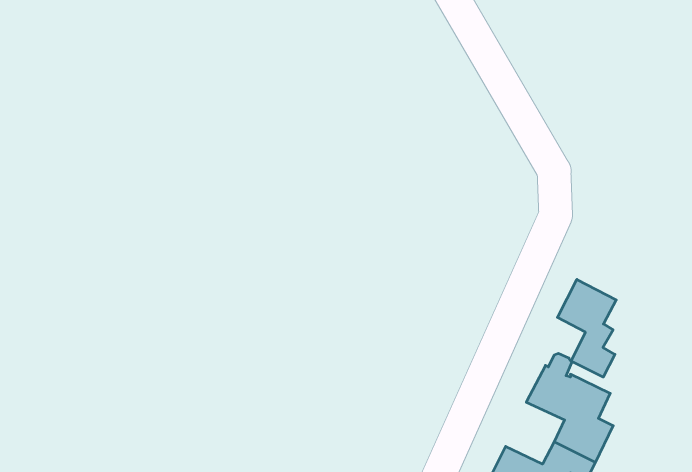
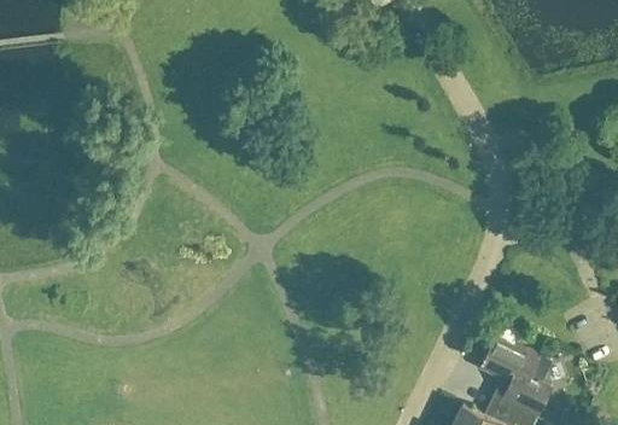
building: [557,279,616,377] -> none

